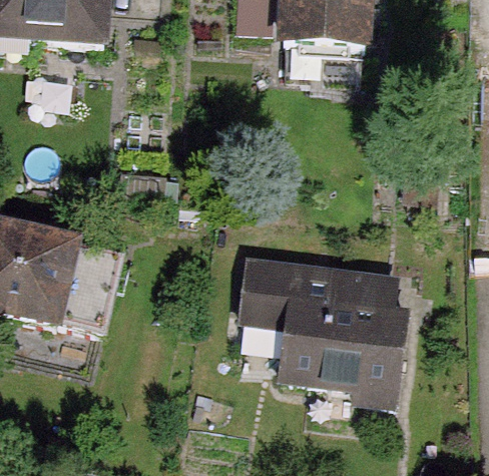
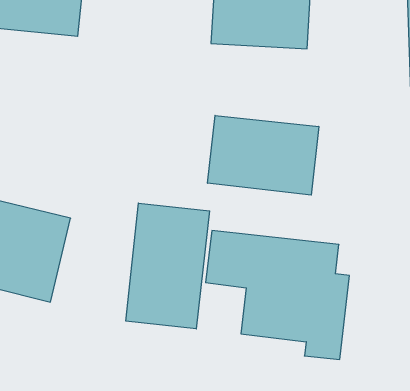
building: none -> [208,115,319,195]
building: none -> [126,203,210,329]

